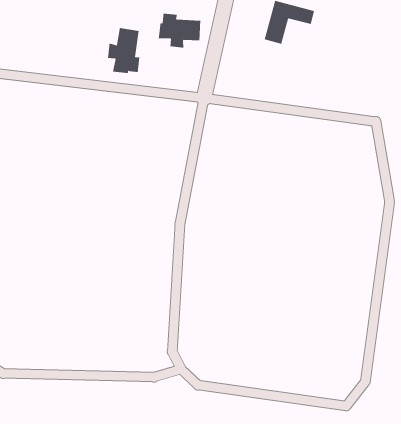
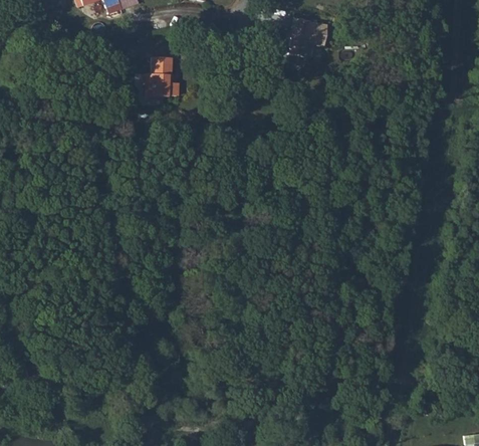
building: [158,13,201,48] -> none

